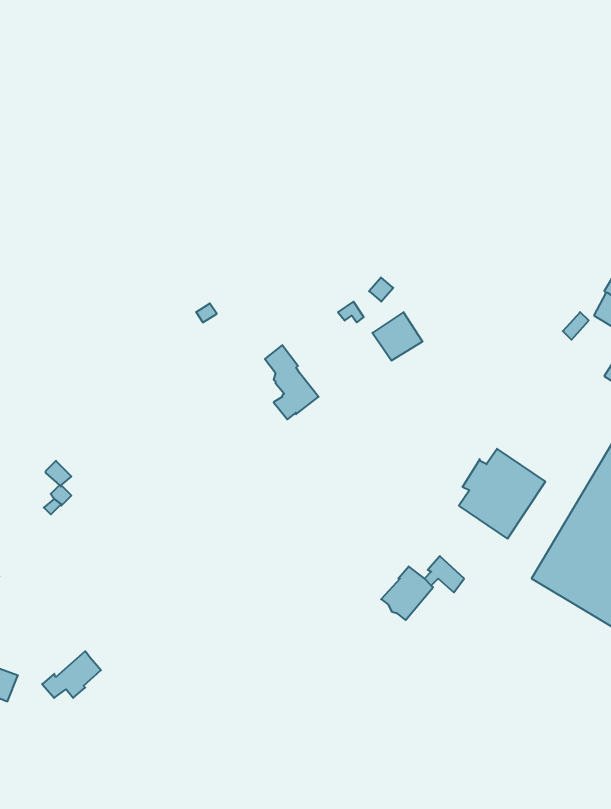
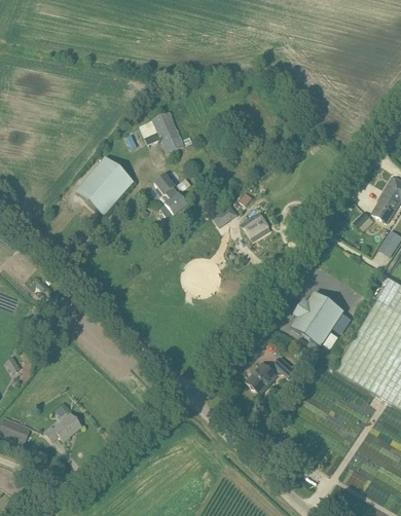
building: none -> [153,112,183,152]
building: none -> [76,156,135,215]
building: [265,345,319,419] -> [155,174,187,218]

